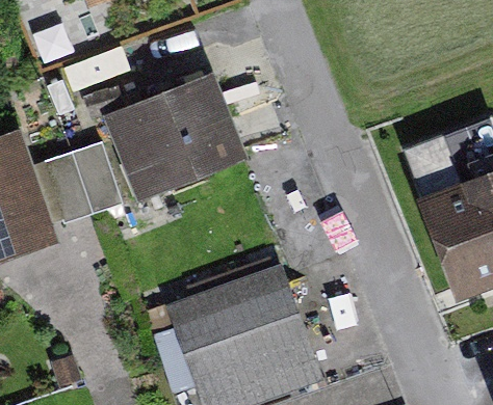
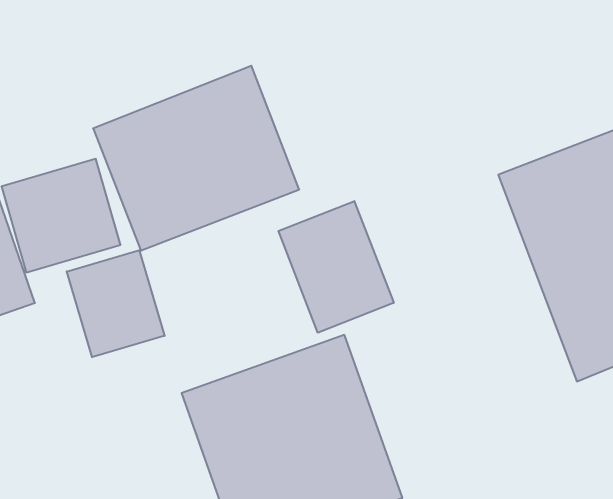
building: none -> [278,201,394,333]
building: none -> [67,250,165,357]

